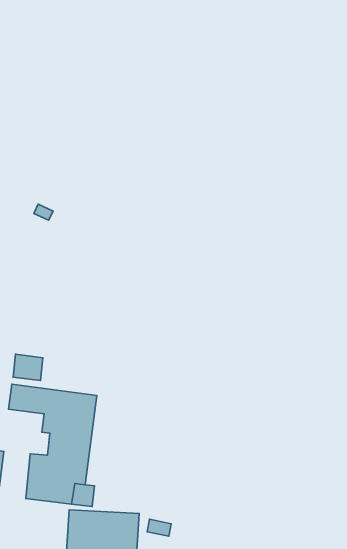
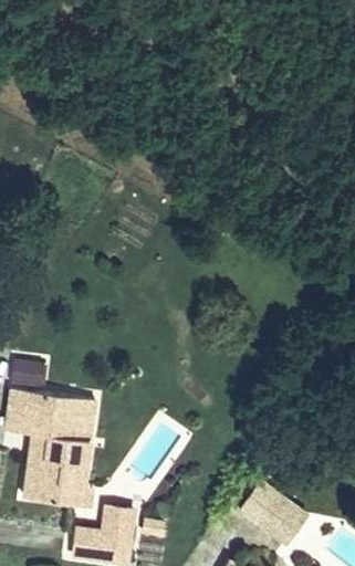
building: none -> [8,412,50,457]
building: none -> [241,482,306,543]

